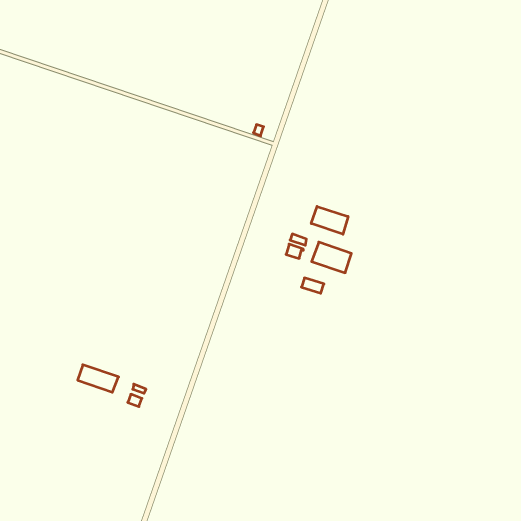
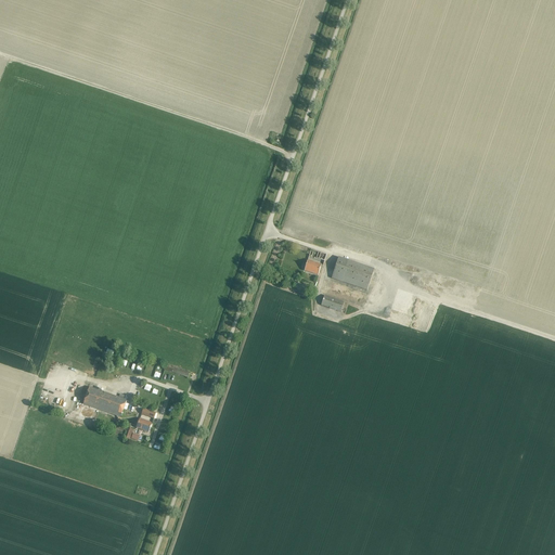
building: [311,206,348,234] -> none

